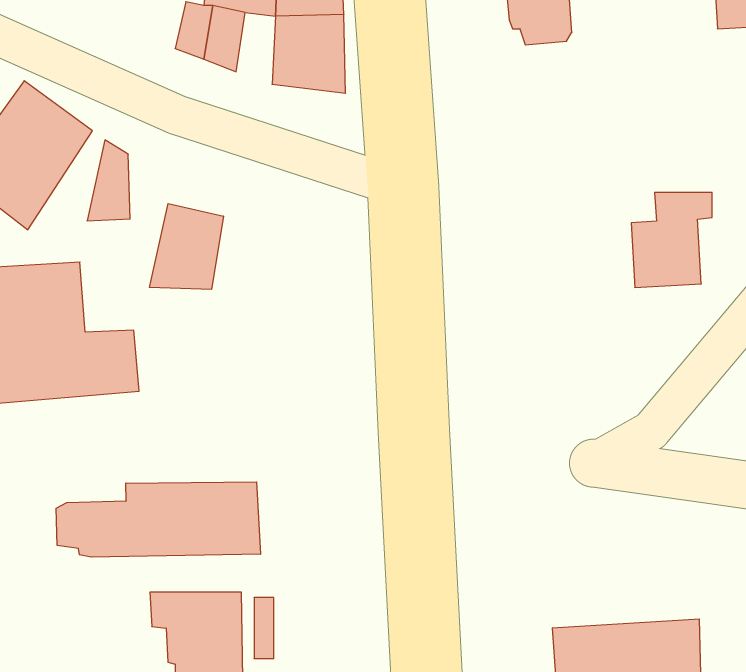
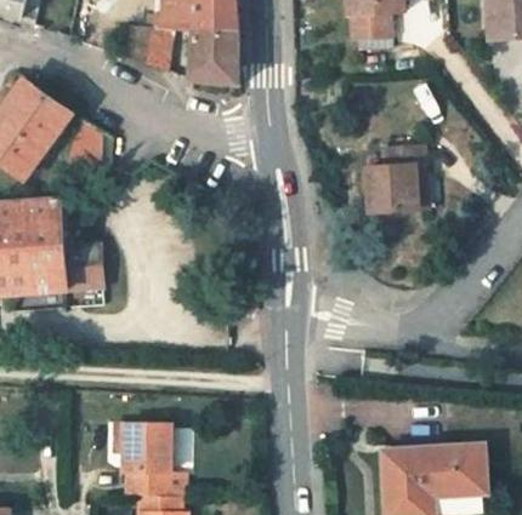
building: [631,192,712,287] -> [367,148,421,212]
building: [149,204,223,289] -> none
building: [56,482,260,557] -> none

